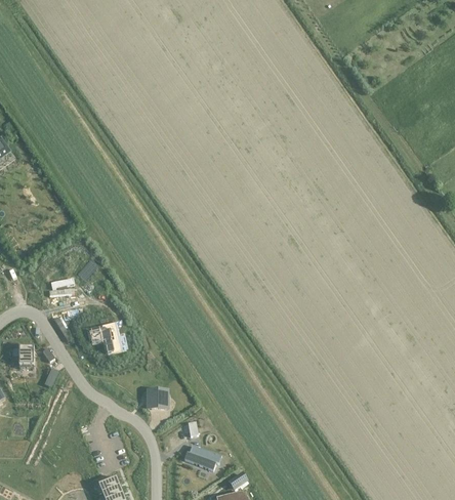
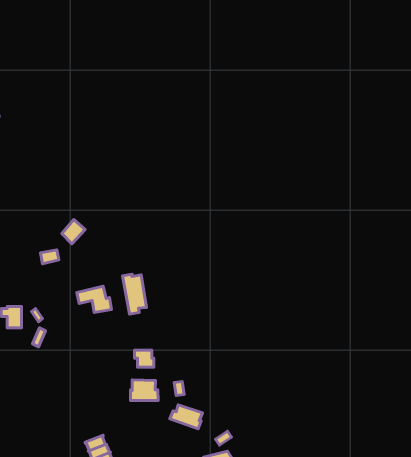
building: none -> [123,274,147,314]
building: none -> [131,380,158,400]

